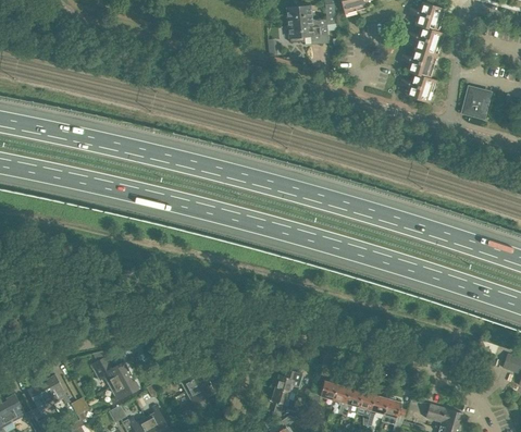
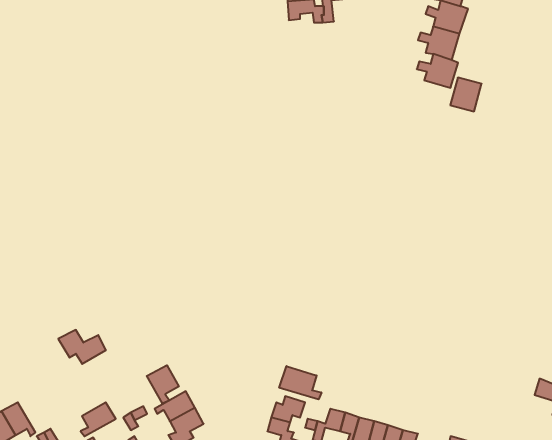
building: [462,87,489,116] -> [450,78,482,111]
building: none -> [147,365,179,403]
building: none -> [279,366,321,399]
building: [89,357,131,386] -> [58,330,106,364]

